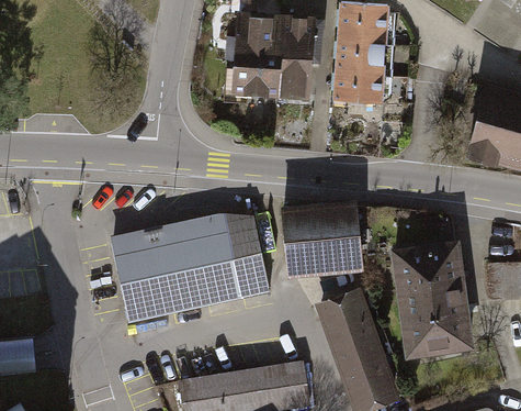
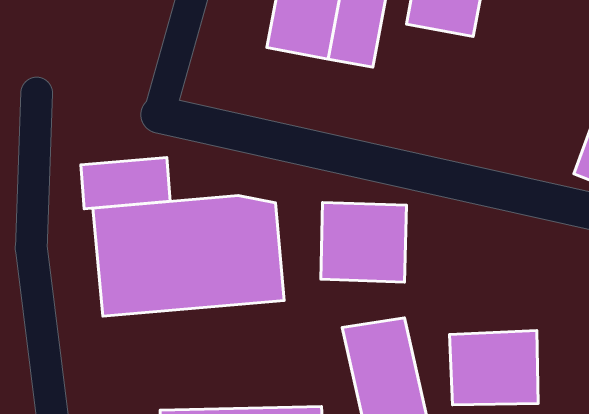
building: [333,64,388,103] -> none
building: none -> [81,157,170,209]
building: [388,235,464,299] -> none

